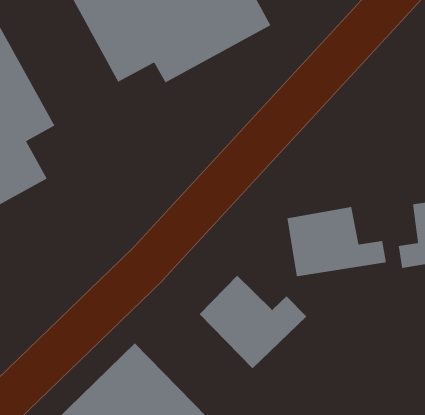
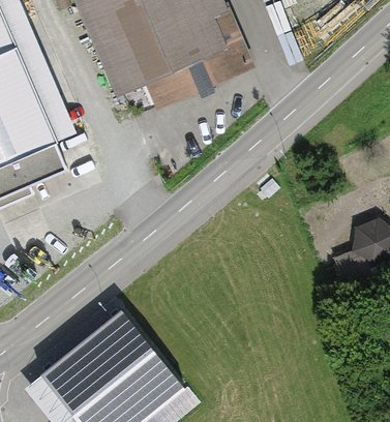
building: [286,206,387,277] -> none
building: [199,275,307,369] -> none

